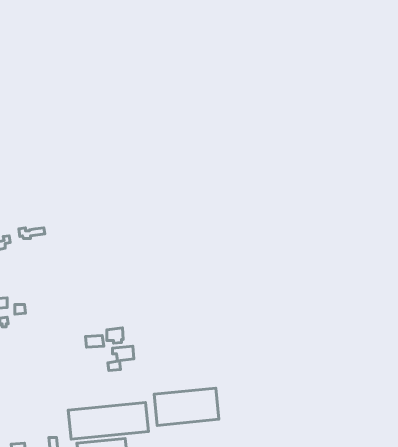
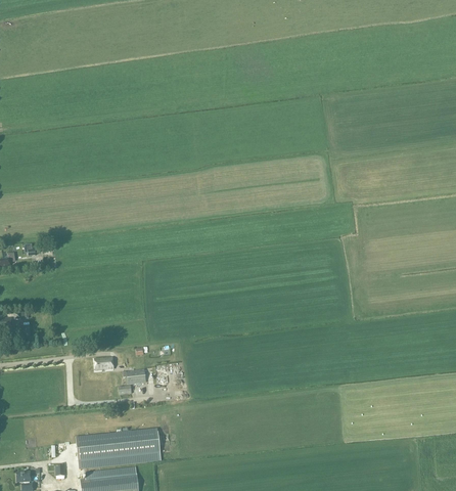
building: [154,388,219,426] -> none

